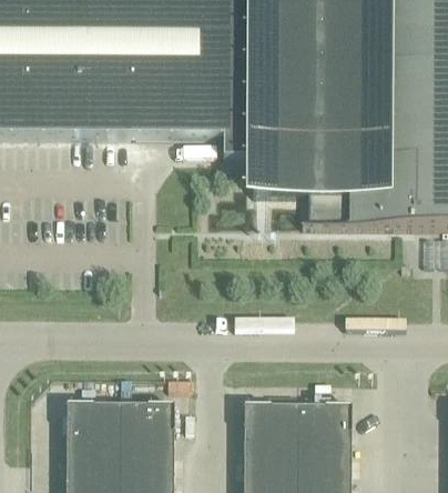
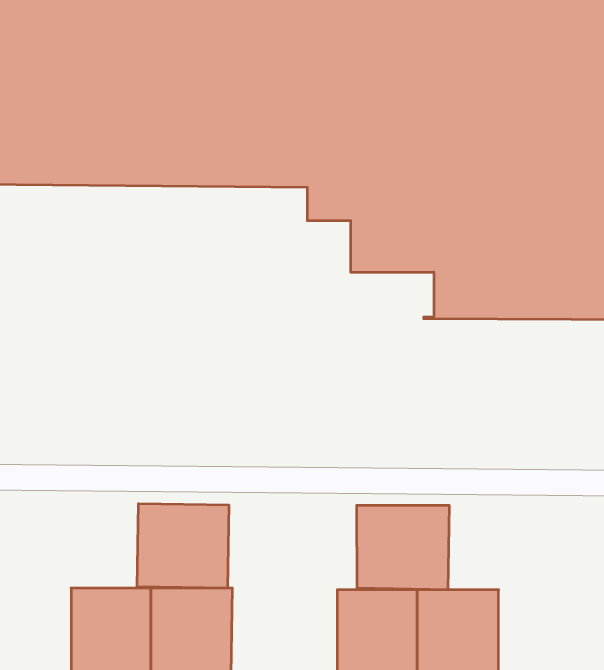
building: none -> [137,504,229,588]
building: none -> [357,505,449,590]

